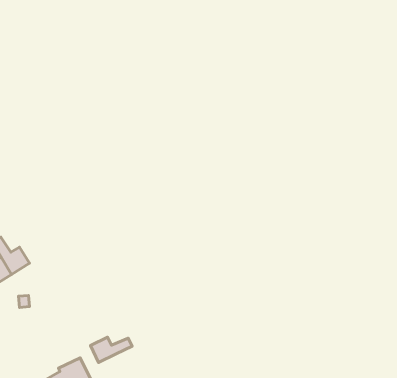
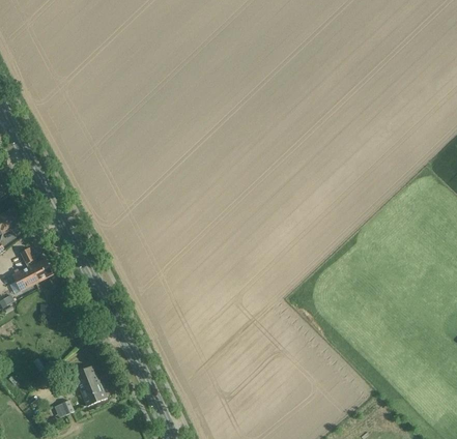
building: [90,337,132,363] -> none

